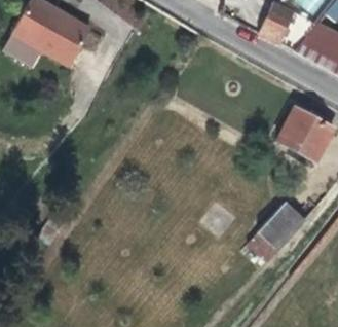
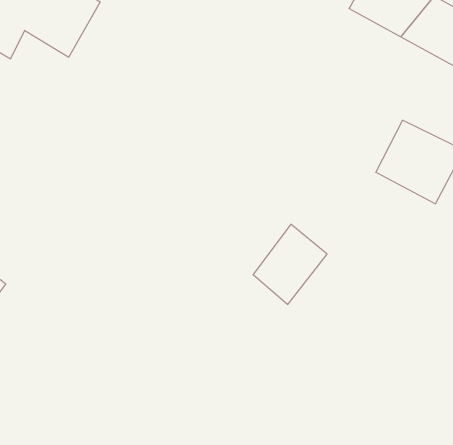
building: [258,199,306,252] -> [253,224,327,305]

